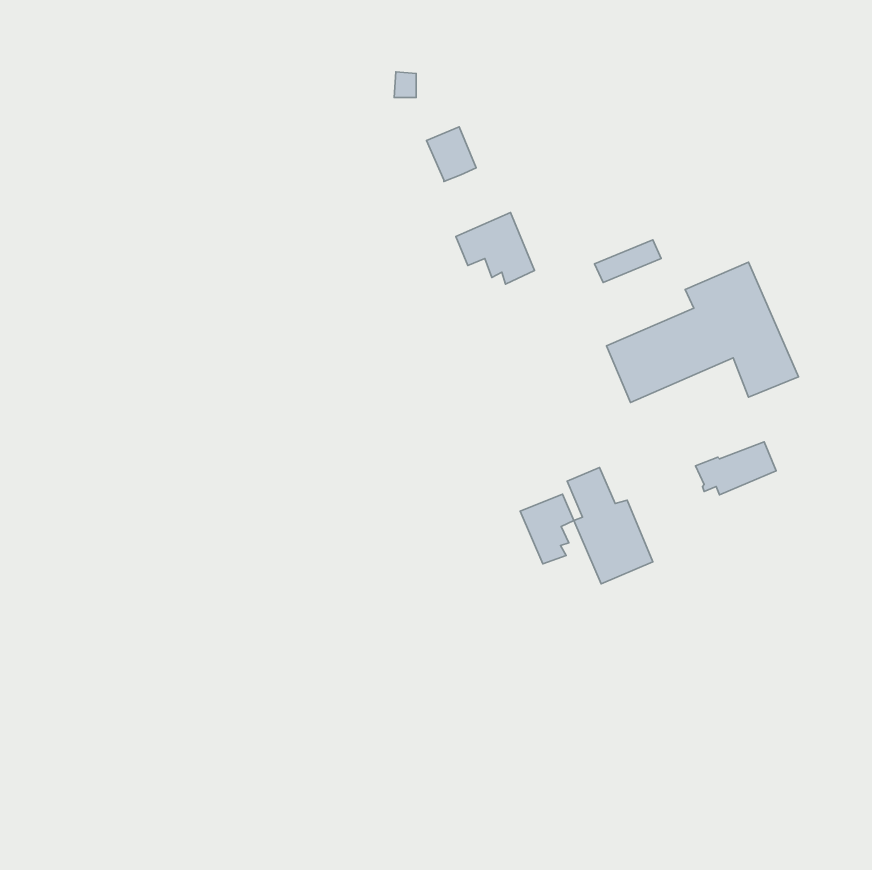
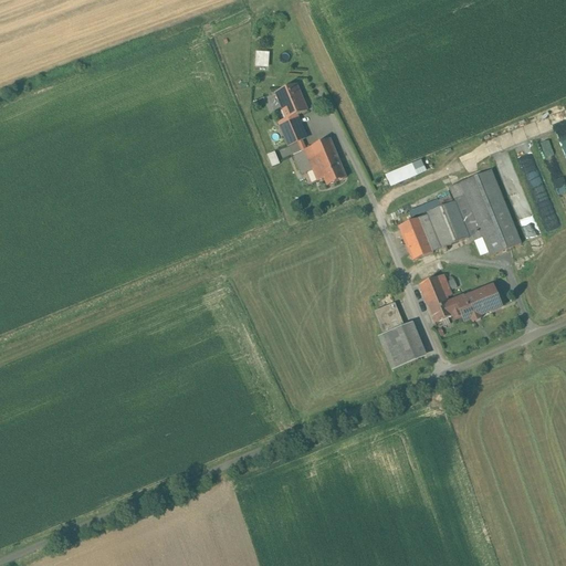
building: none -> [280,113,310,144]
building: none -> [422,273,457,321]
building: [520,494,574,564] -> none

